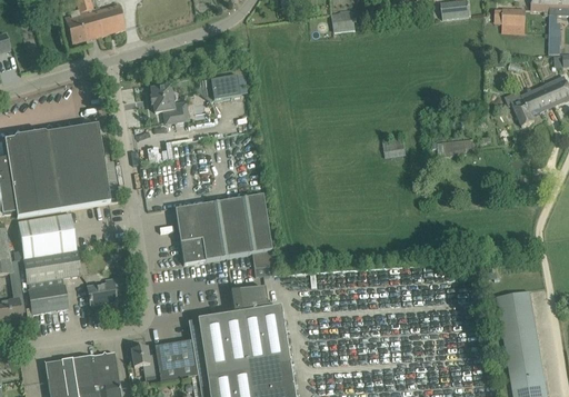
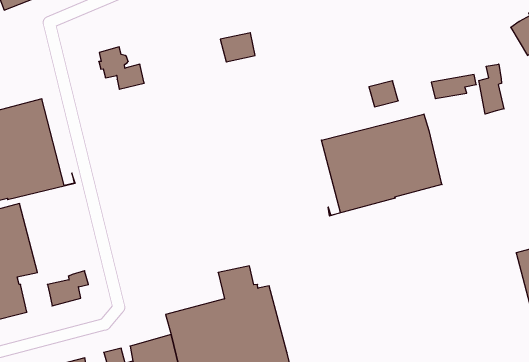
building: [210,76,239,99] -> [220,33,255,62]
building: none -> [479,64,504,114]
building: none -> [321,114,442,216]
building: [174,193,274,266] -> none

